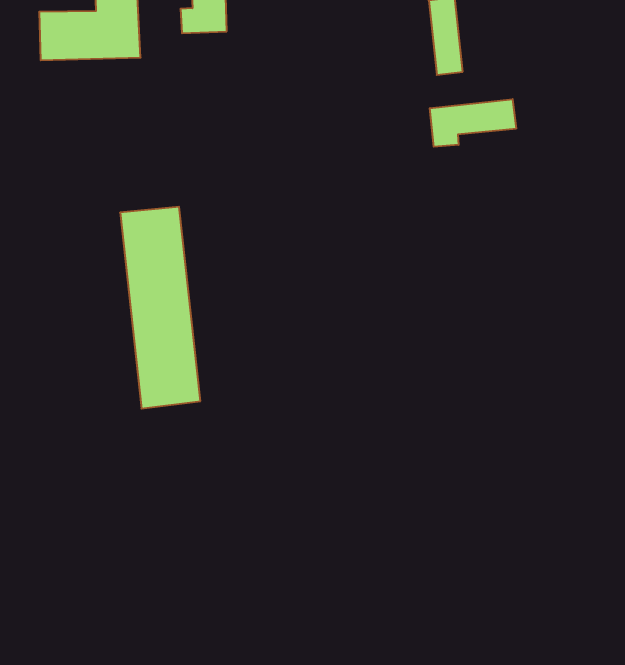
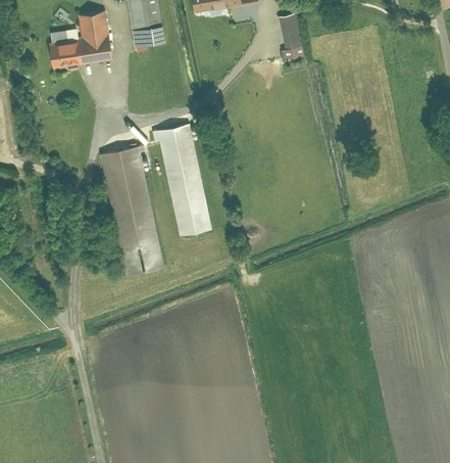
building: [430,99,516,147] -> none
building: none -> [149,122,209,233]

